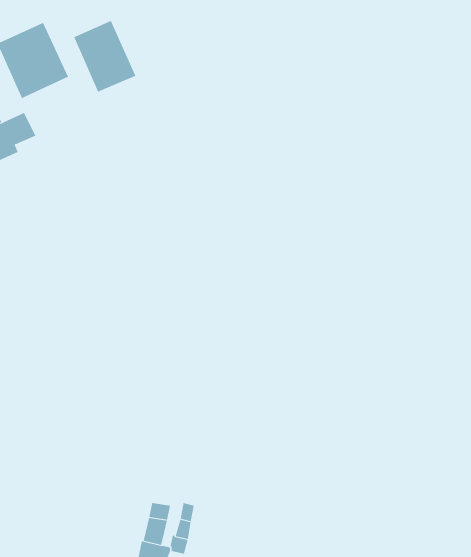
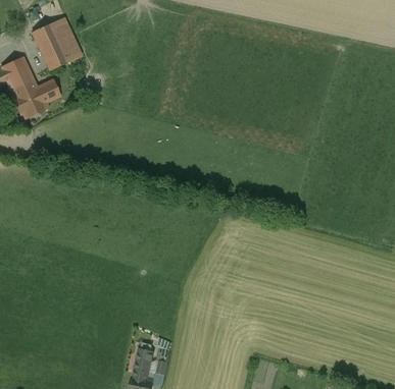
building: [74,20,136,92] -> none

